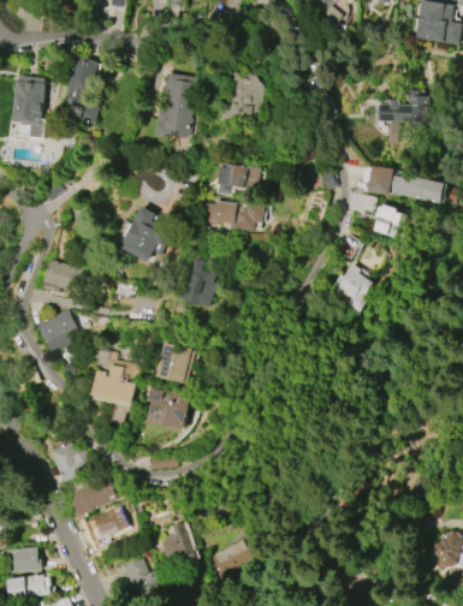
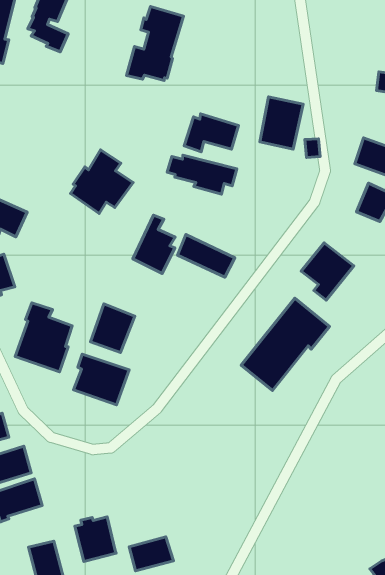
building: [232,75,266,118] -> [260,97,303,149]
building: none -> [177,234,235,277]
building: none -> [241,298,330,390]

